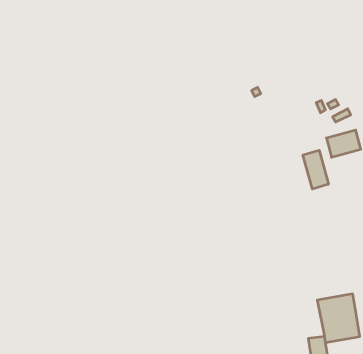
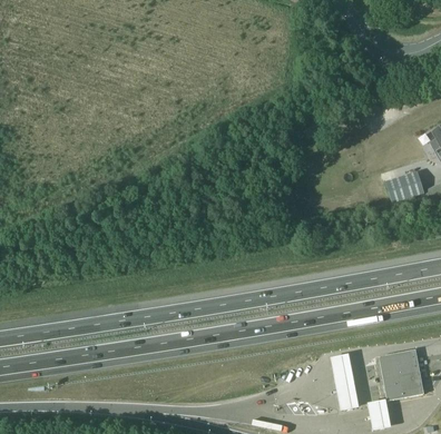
building: [303,150,328,189] -> none
building: none -> [330,352,359,408]

